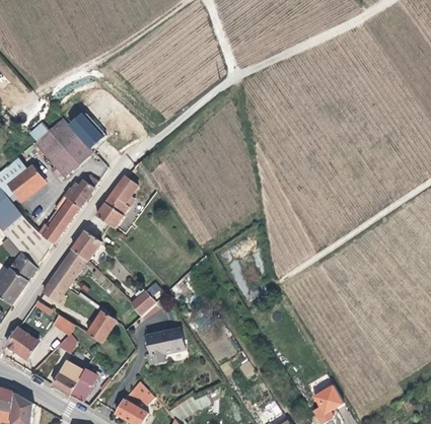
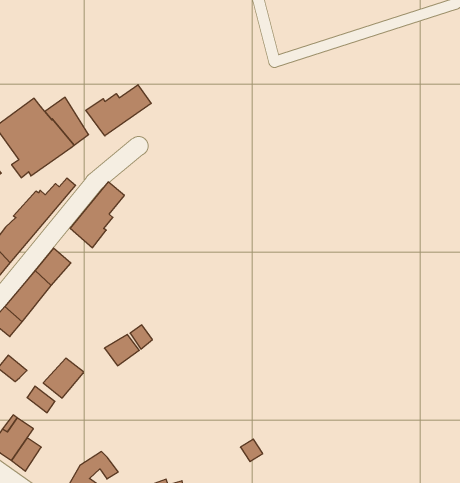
building: none -> [86,85,151,136]
building: [145,327,182,362] -> none

